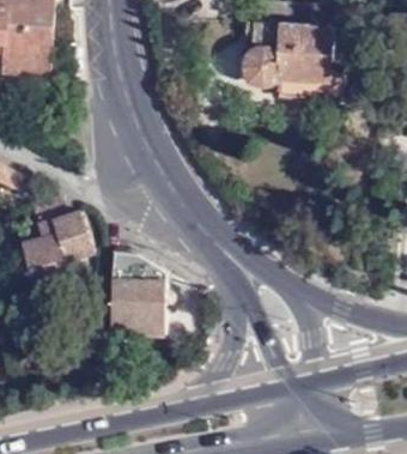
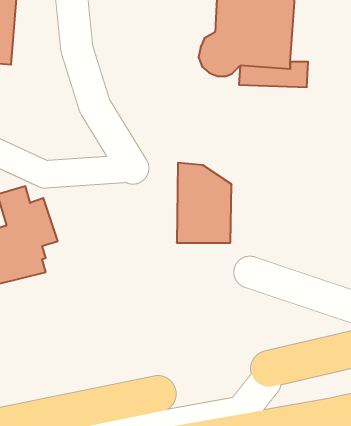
building: [111,250,166,331] -> [177,163,232,243]

